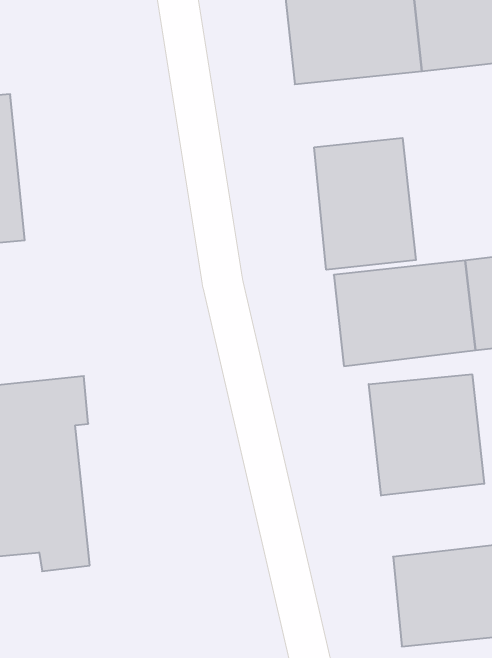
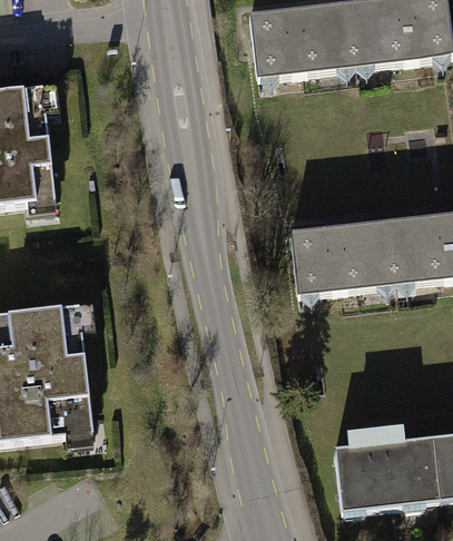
building: [314,138,416,270] -> none
building: [369,374,484,496] -> none

